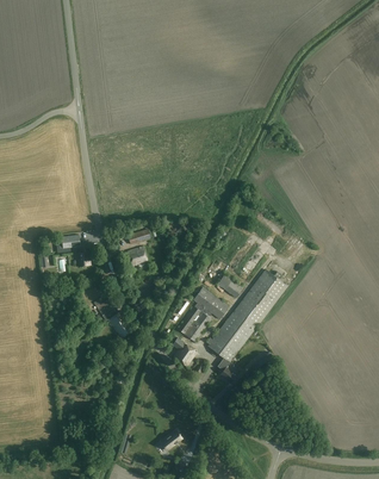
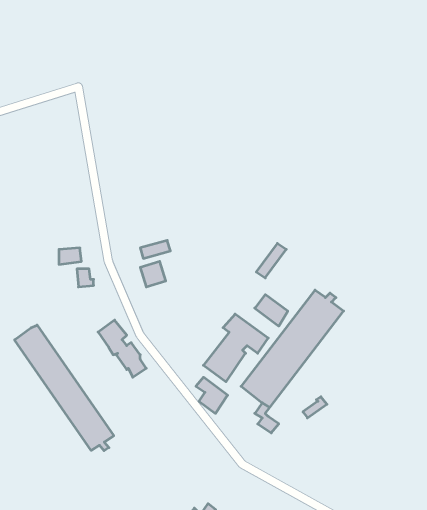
building: none -> [15,325,114,451]

